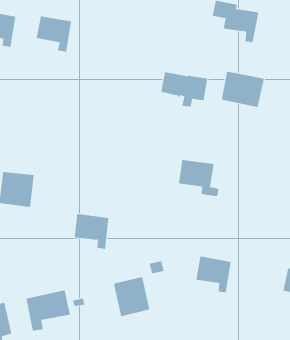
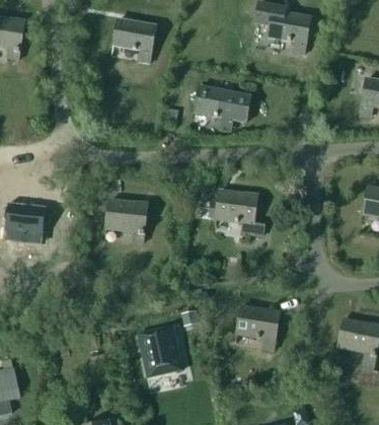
building: [36,16,72,52] -> [112,18,155,61]
building: [221,71,265,108] -> none
building: [74,213,109,250] -> [105,199,147,241]
building: [26,289,70,331] -> none

